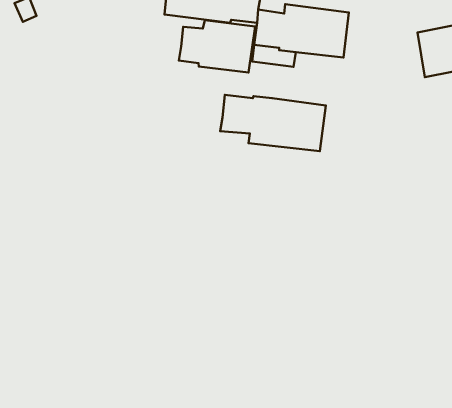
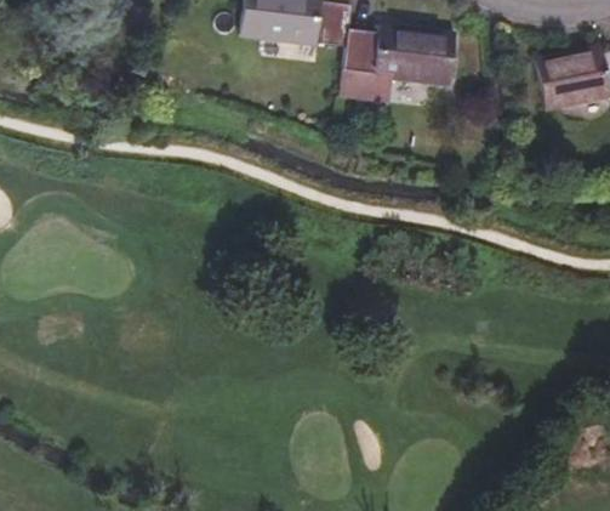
building: [179,20,255,73] -> none
building: [220,95,326,151] -> none

